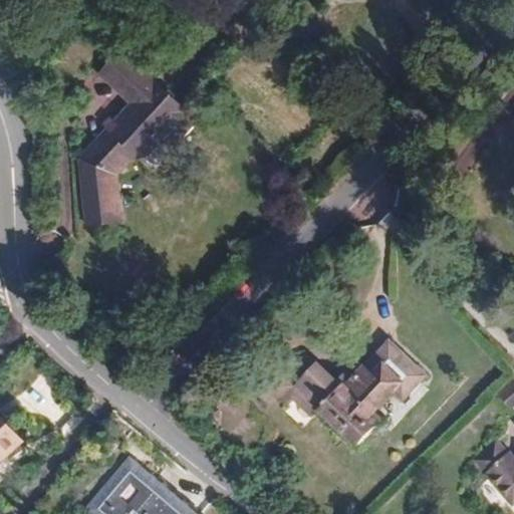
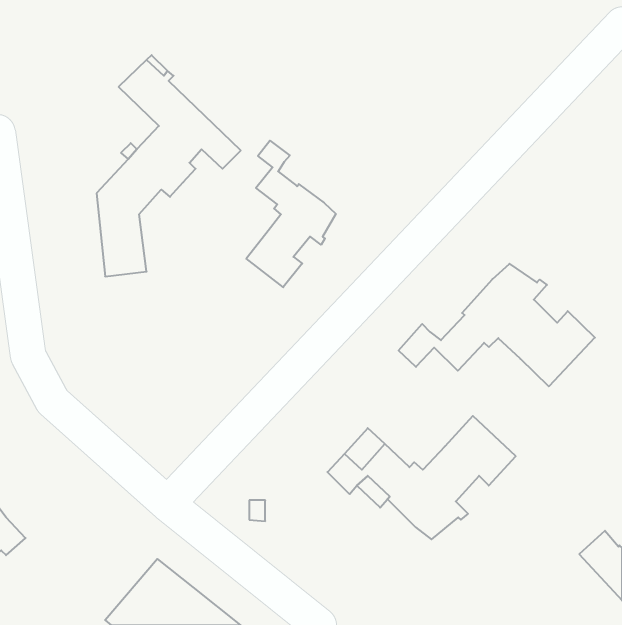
building: none -> [246,141,336,287]
building: none -> [399,264,595,386]

